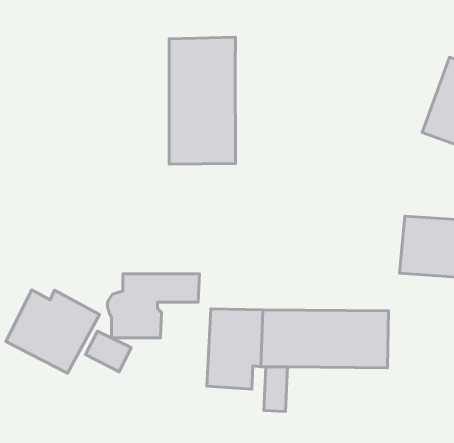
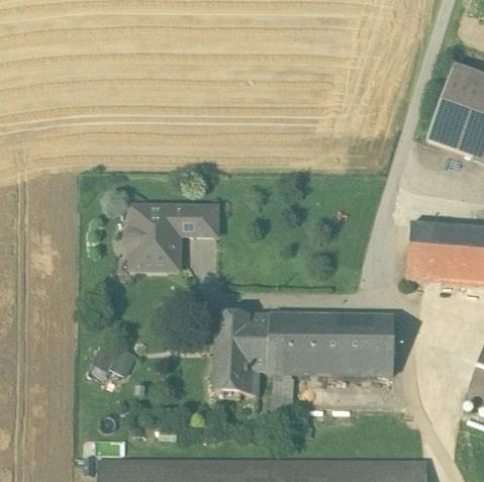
building: [169,37,235,164] -> none
building: [108,274,199,338] -> [127,206,218,270]
building: [6,290,99,373] -> none

